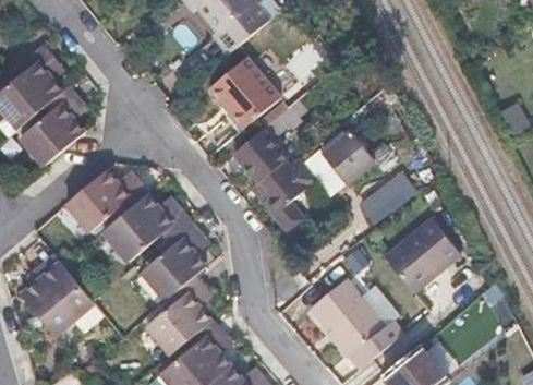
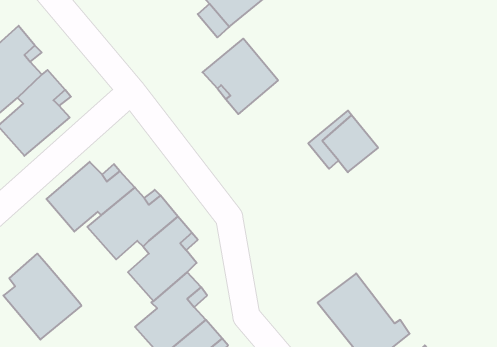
building: [235,75,337,228] -> none
building: [359,171,413,221] -> none
building: [386,222,464,298] -> none

